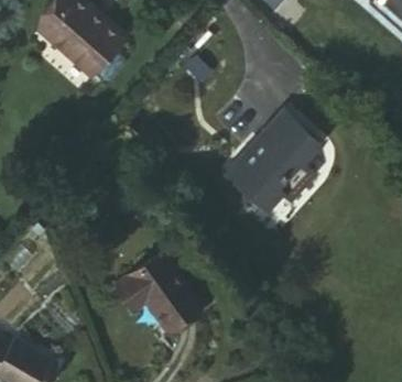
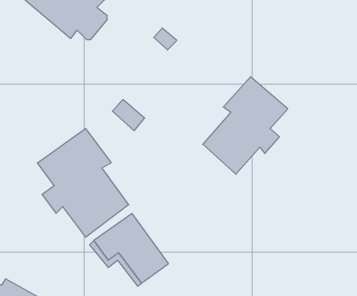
building: none -> [37,128,129,237]

